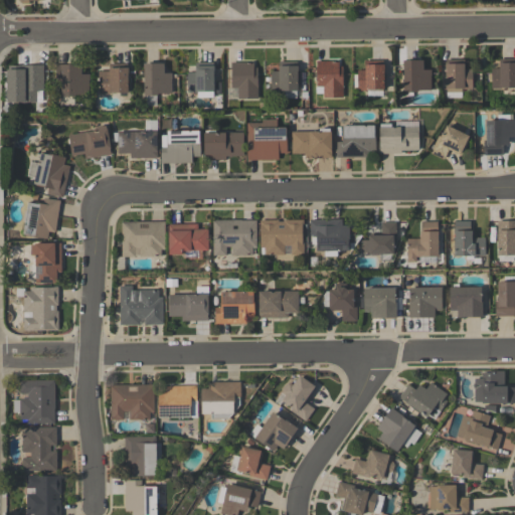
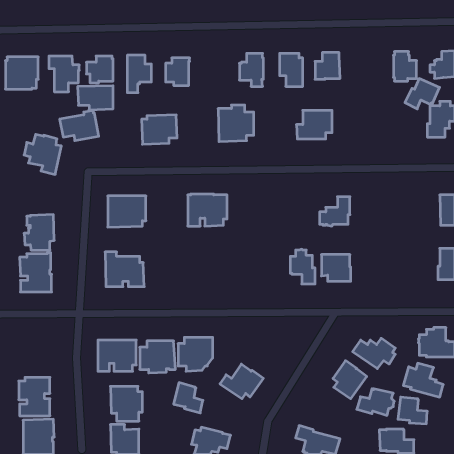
building: [403,59,433,92] -> none
building: [231,61,259,99] -> none
building: [380,123,419,153] -> none
building: [431,125,470,159] -> [405,79,440,109]
building: [293,128,332,158] -> none
building: [118,131,158,158] -> [78,86,113,110]
building: [205,132,244,159] -> none
building: [23,197,61,238] -> none
building: [261,219,305,254] -> none
building: [311,219,363,255] -> none
building: [455,220,486,255] -> none
building: [407,221,439,262] -> none
building: [169,223,209,254] -> none
building: [169,286,209,321] -> none
building: [409,287,443,317] -> none
building: [451,287,483,317] -> none
building: [215,291,254,323] -> none
building: [259,291,299,318] -> none
building: [282,375,316,420] -> none
building: [13,379,55,423] -> none
building: [237,446,271,480] -> [174,383,203,413]
building: [352,450,394,480] -> [357,389,394,415]

